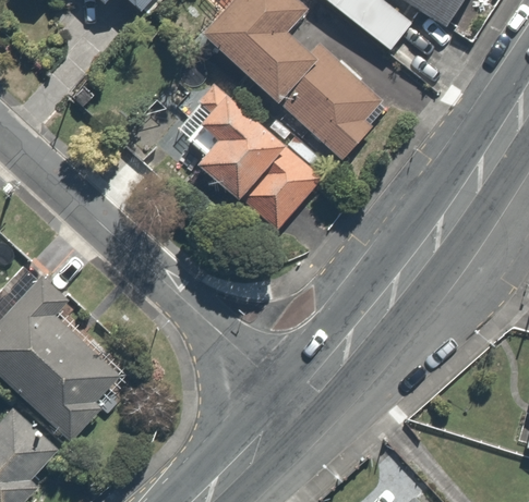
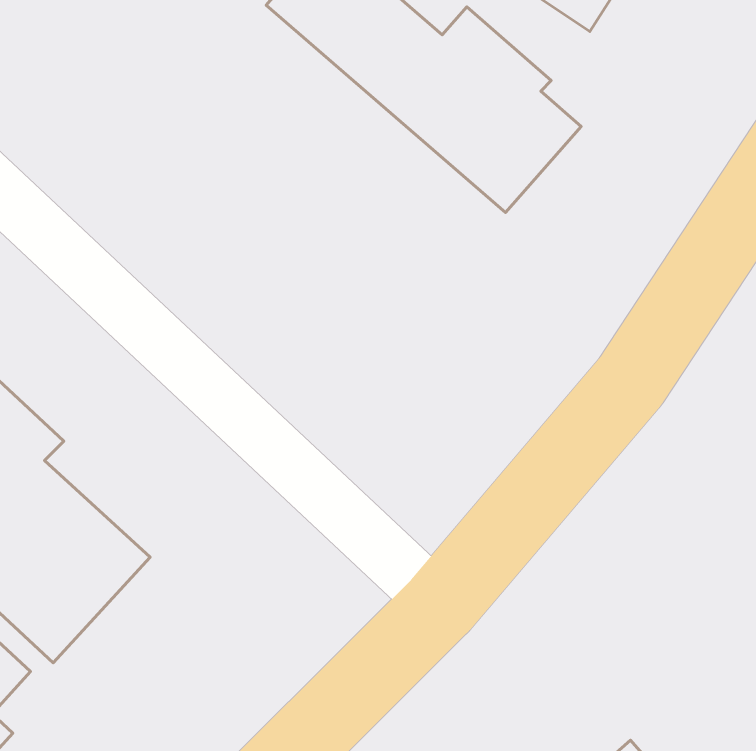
building: [169,63,321,222] -> none

